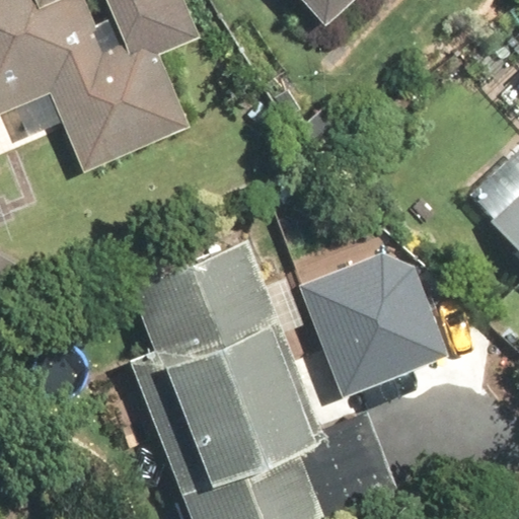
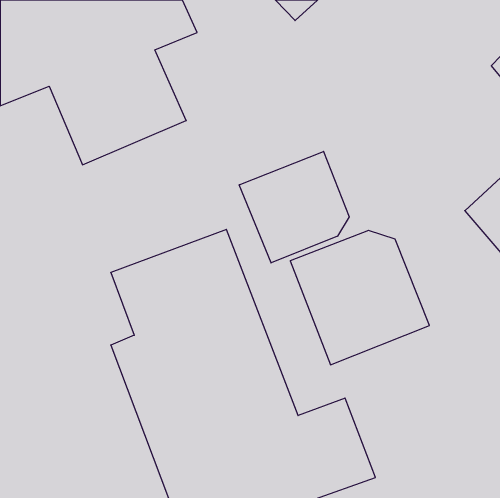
building: none -> [239,151,349,263]

